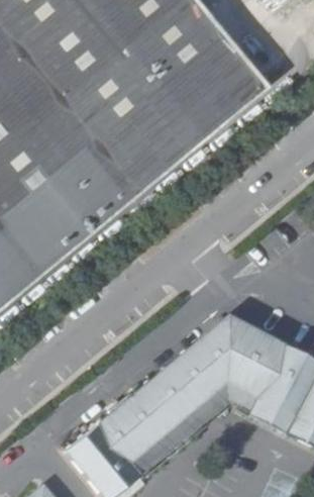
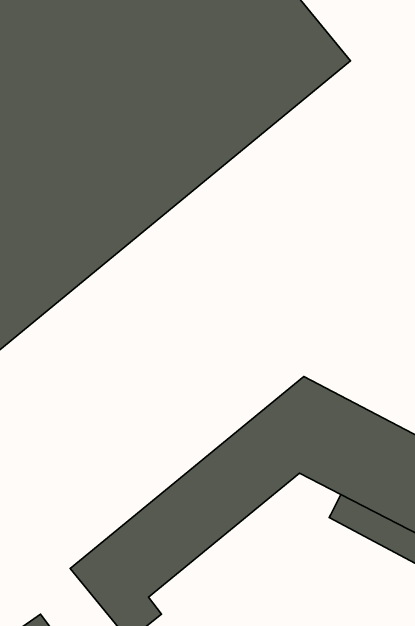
building: [121,382,257,482] -> none

